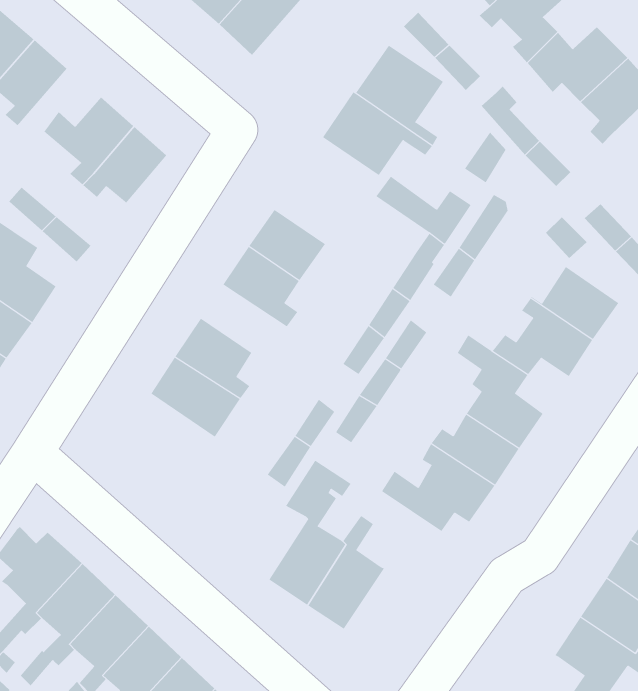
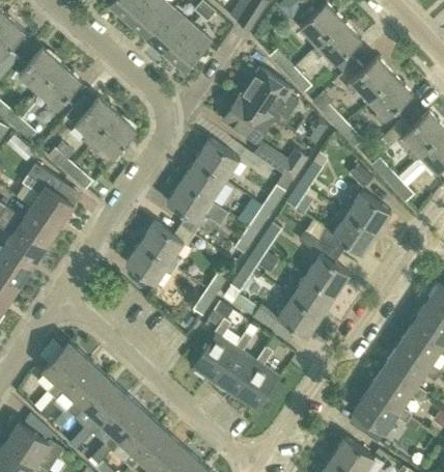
building: none -> [196,139,239,179]
building: none -> [235,337,280,411]

